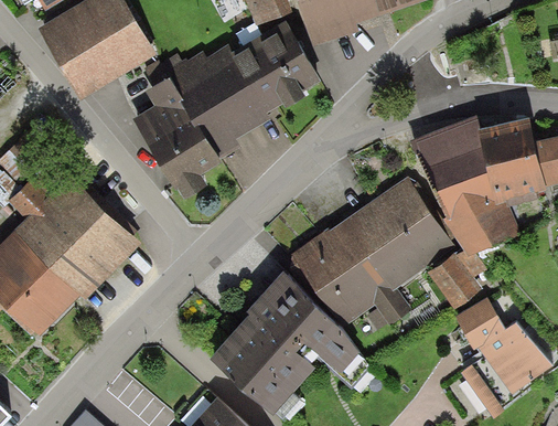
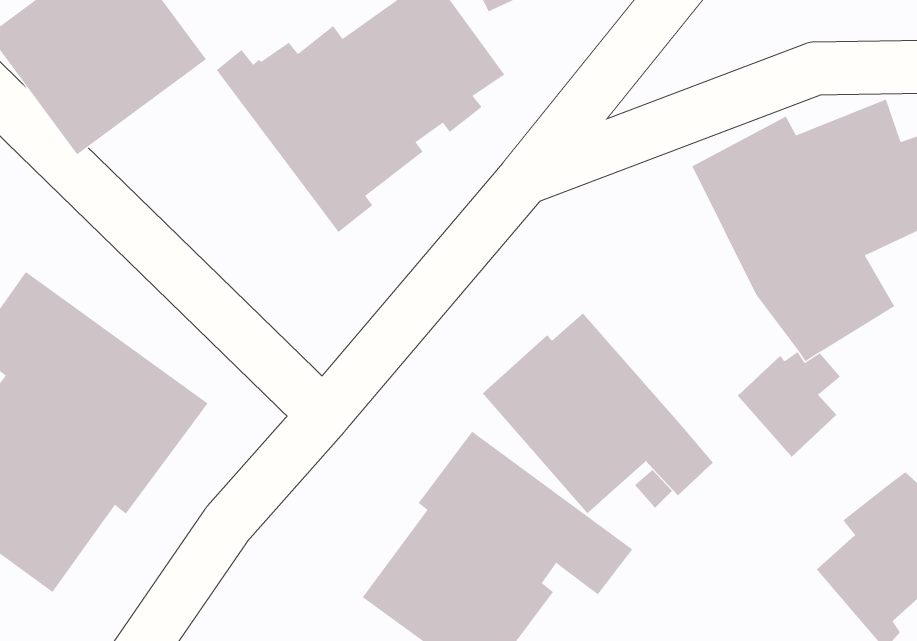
building: [132,58,221,200] -> none
building: [348,175,457,286] -> none
building: [454,298,505,350] -> none

